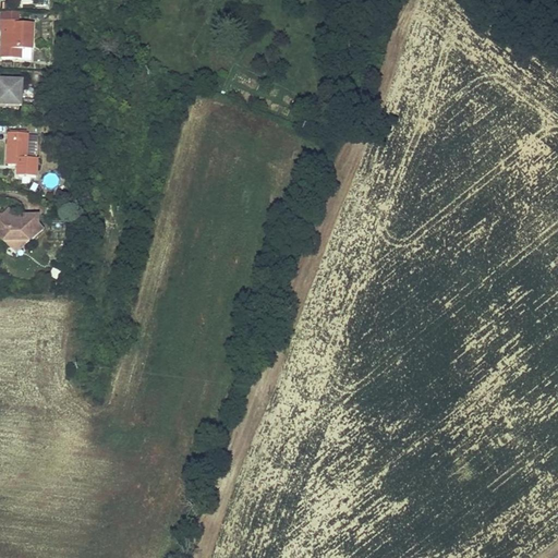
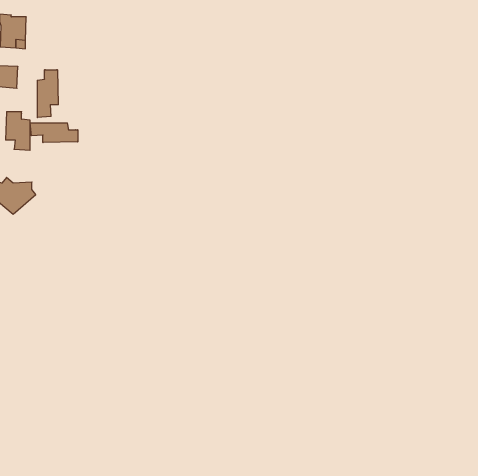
building: none -> [37,70,58,118]
building: none -> [30,123,78,143]

